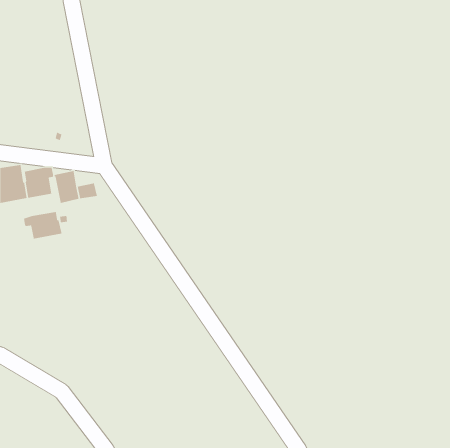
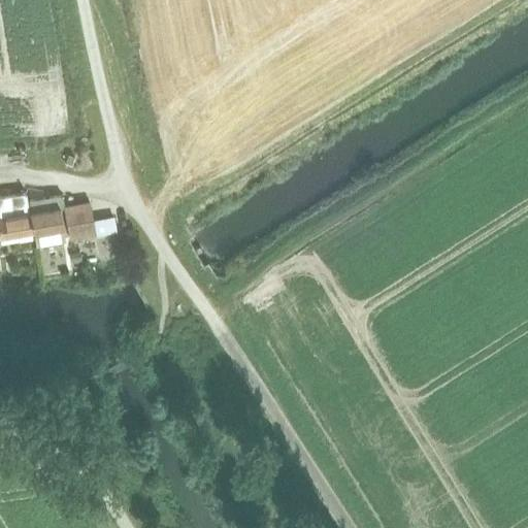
building: [23,211,62,239] -> none

